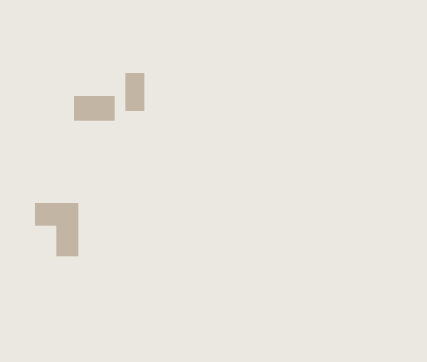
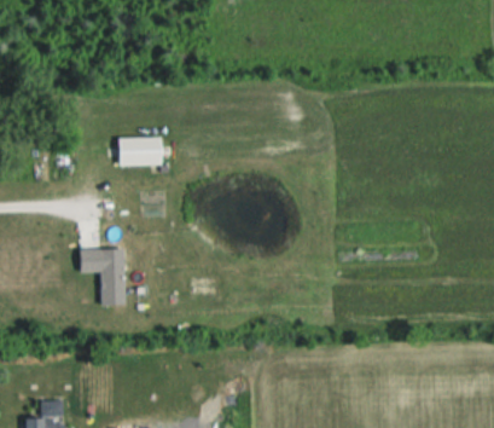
building: [125,72,145,112] -> none

